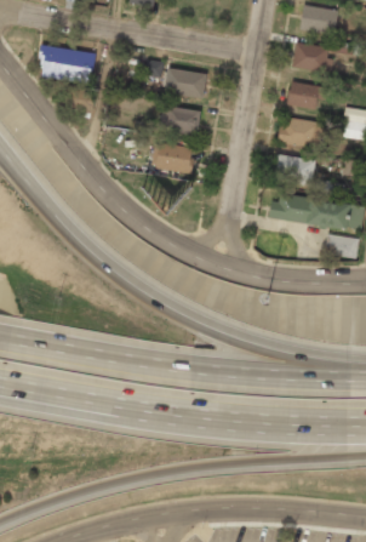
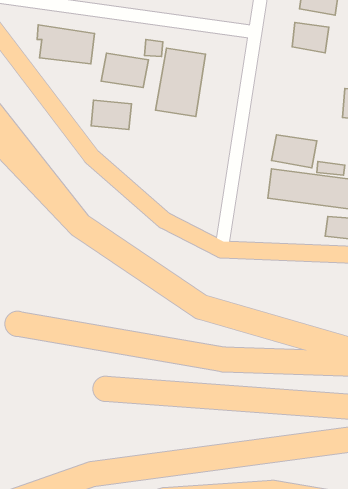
building: none -> [101,53,149,88]
building: [286,81,327,109] -> none
building: [278,116,324,149] -> none
building: [151,143,191,172] -> [91,100,131,129]

